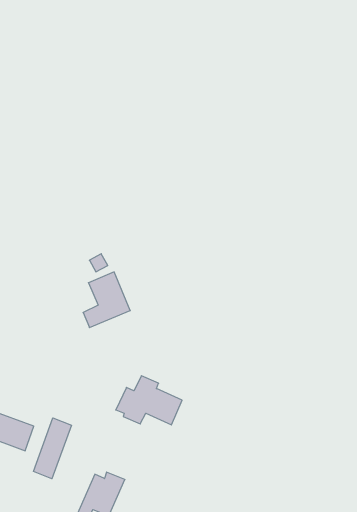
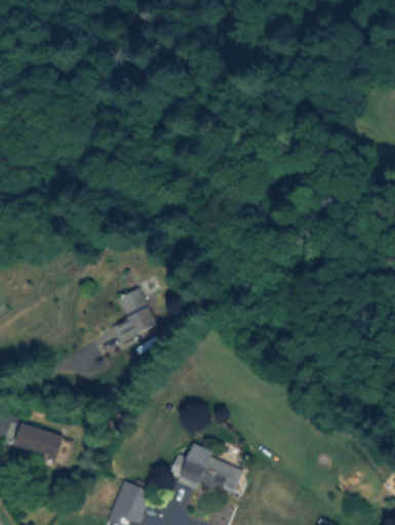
building: [116,376,182,425] -> [168,444,232,491]
building: [33,418,71,479] -> none

